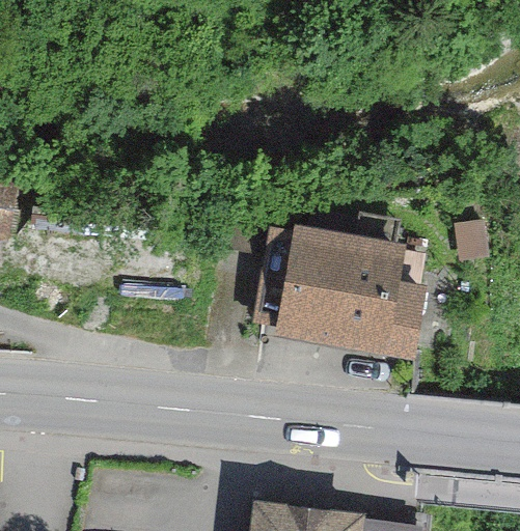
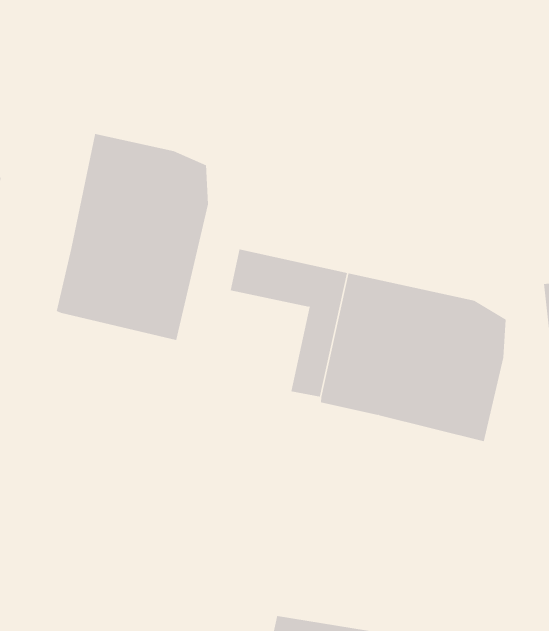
building: none -> [56,133,209,341]

